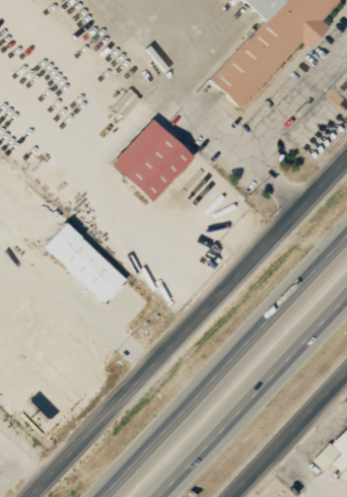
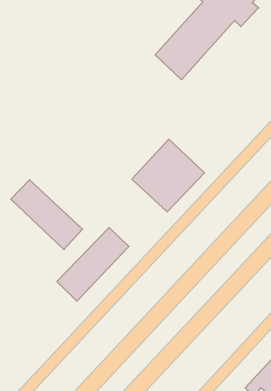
building: [112,119,195,202] -> [132,139,204,212]
building: none -> [57,228,129,301]

